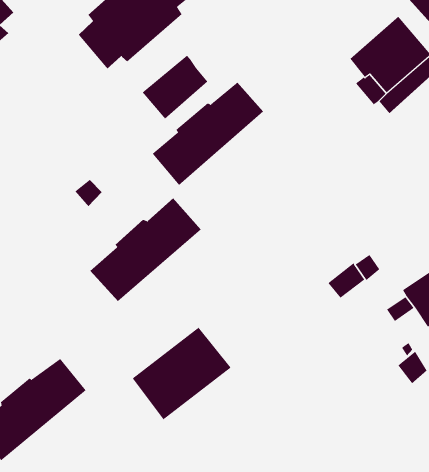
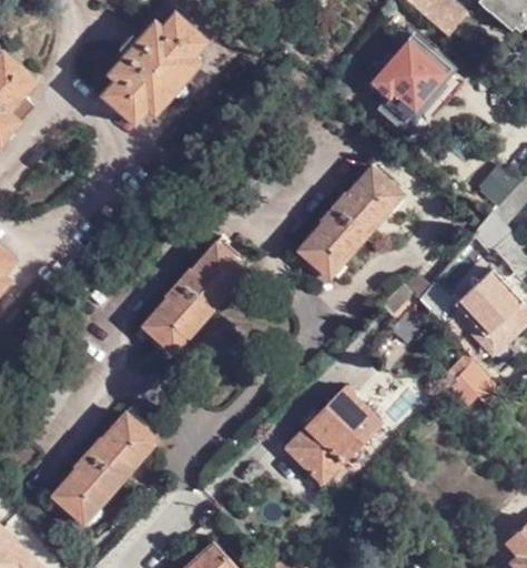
building: [142,55,208,119] -> none
building: [152,82,264,186] -> [297,169,402,278]
building: [132,327,232,420] -> [285,386,382,483]

